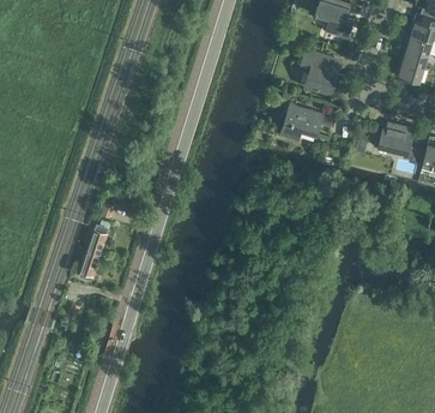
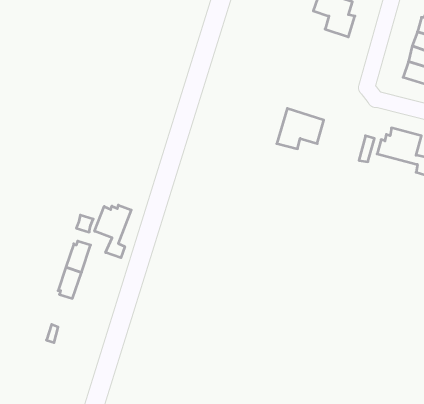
building: [298,49,339,95] -> none
building: none -> [95,205,131,258]

